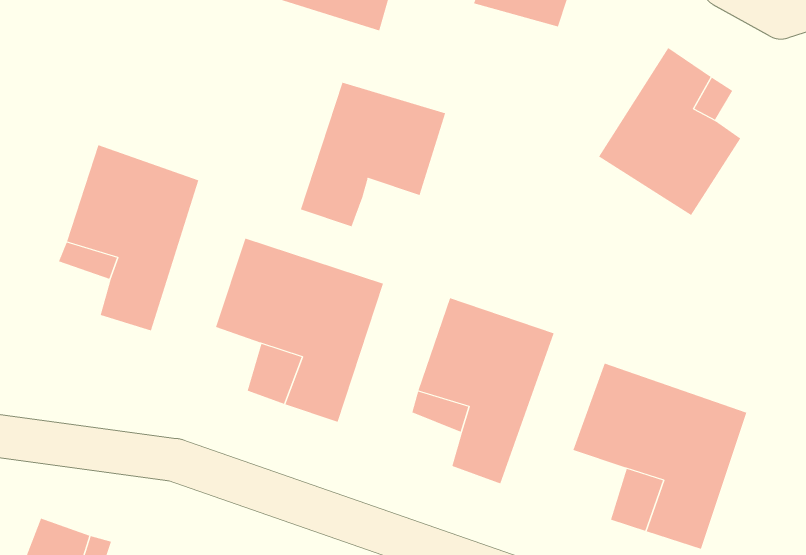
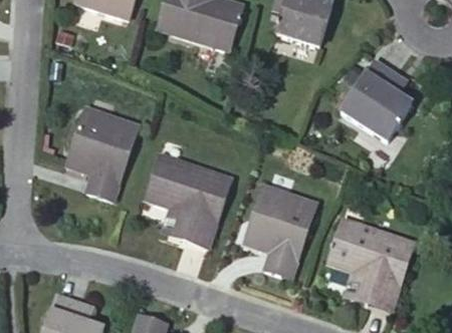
building: [300,82,446,227] -> none

